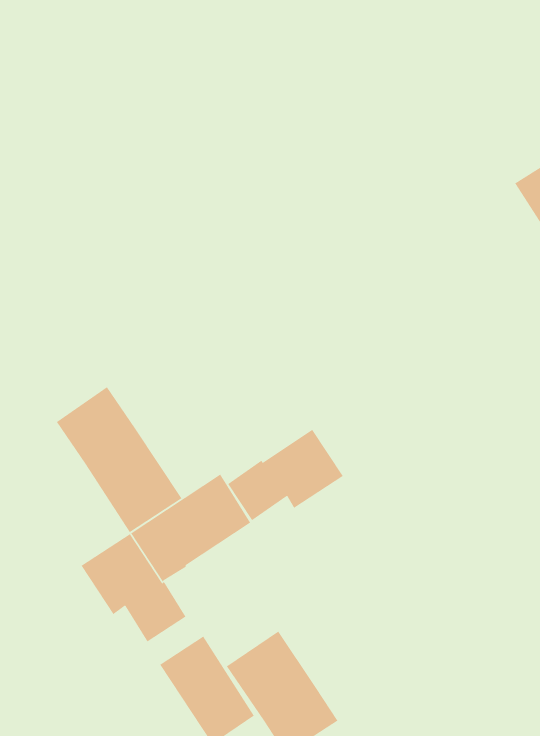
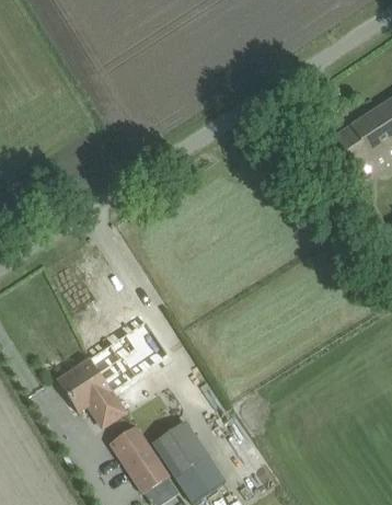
building: [56,386,182,533] -> none
building: [227,429,344,521] -> none

